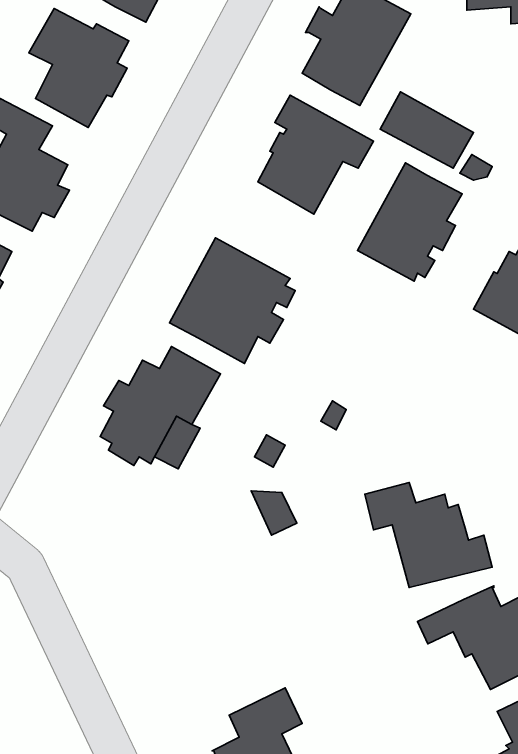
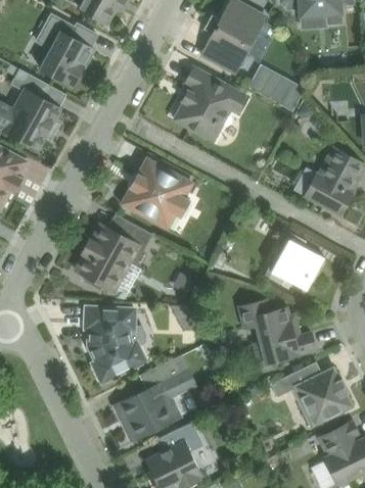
building: [358,163,462,281] -> none
building: none -> [264,232,324,292]
building: none -> [85,307,145,383]
building: none -> [111,360,196,442]

